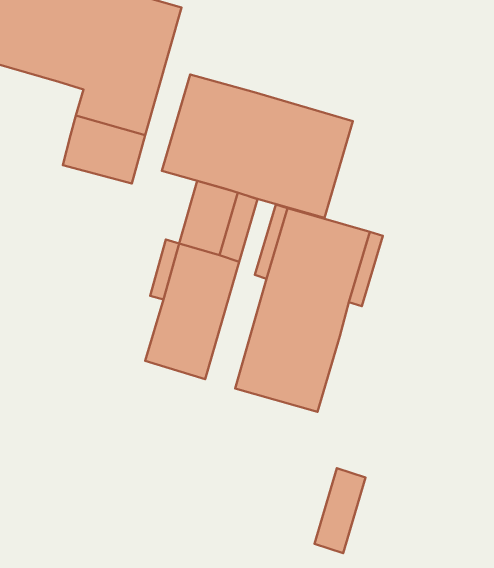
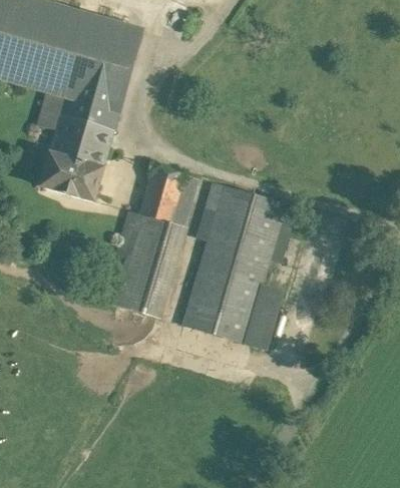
building: [162,74,353,218] -> none
building: none -> [36,89,65,130]
building: none -> [39,153,102,201]
building: [315,468,366,553] -> [245,285,284,350]

